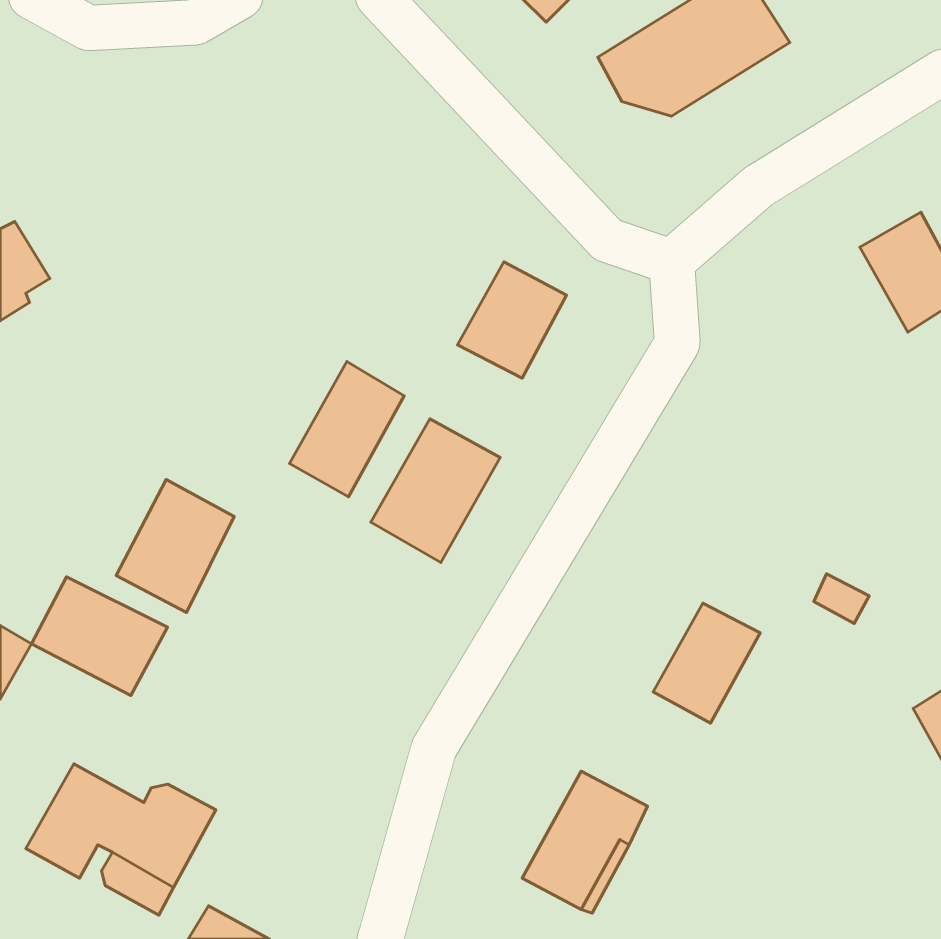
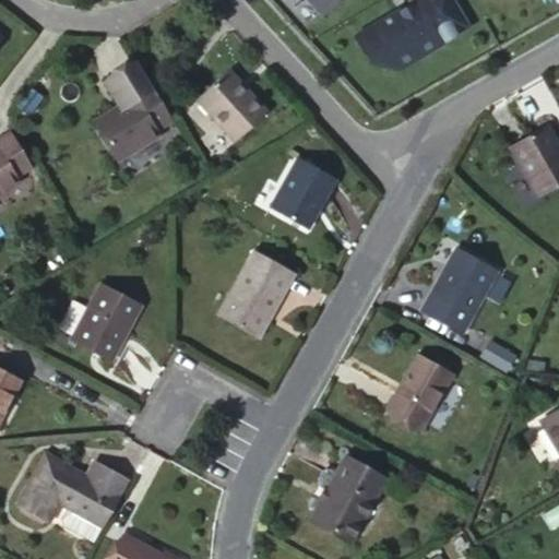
building: none -> [97,63,170,158]
building: none -> [198,72,269,142]
building: [289,361,404,497] -> none
building: none -> [420,248,497,333]
building: [31,577,168,695] -> none

